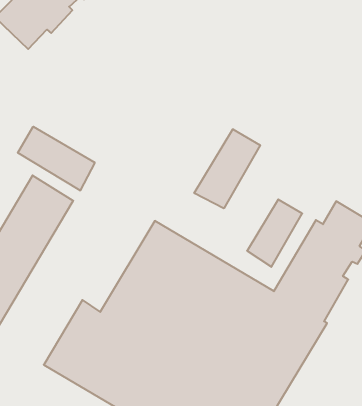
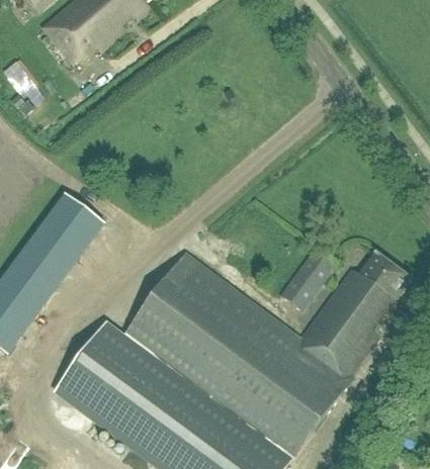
building: [18,127,95,191] -> none
building: [194,129,260,208] -> none

